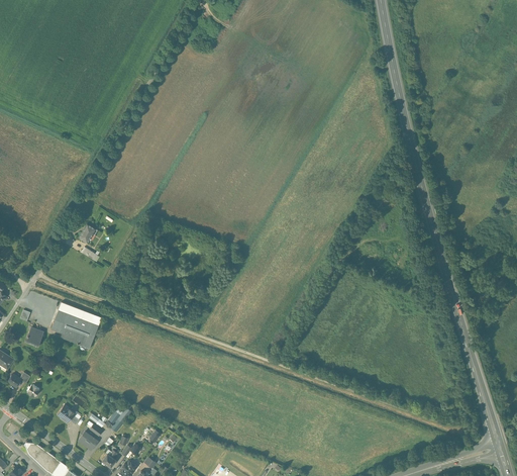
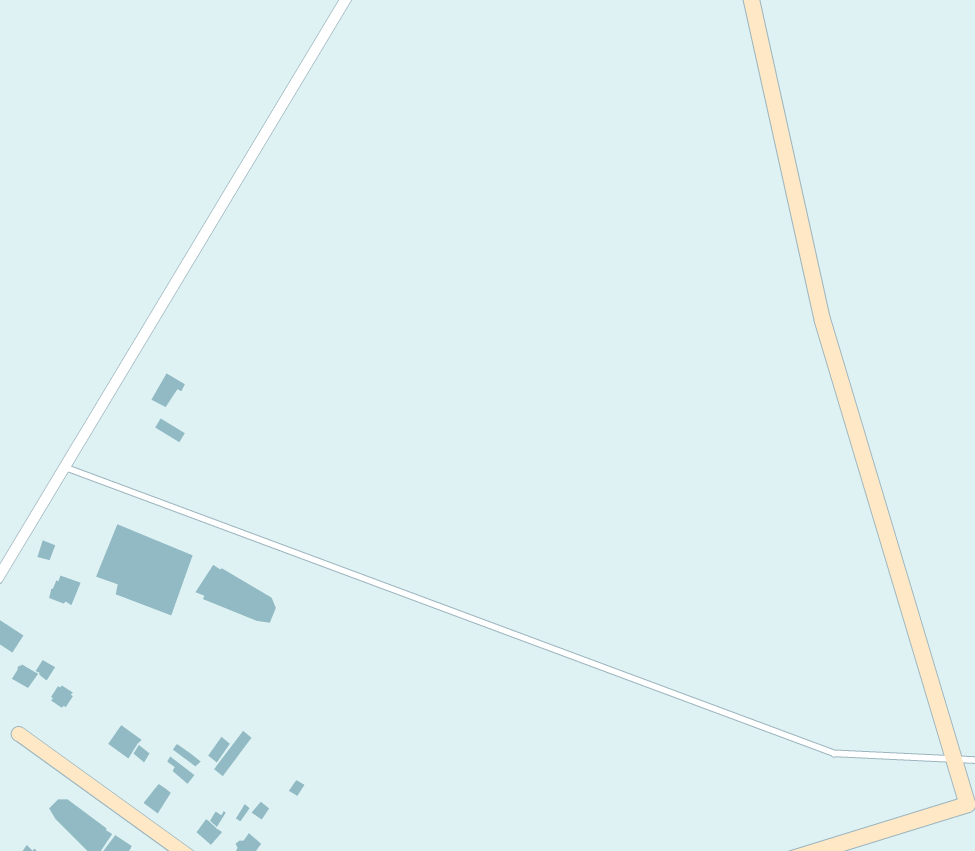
building: none -> [195,564,276,623]

